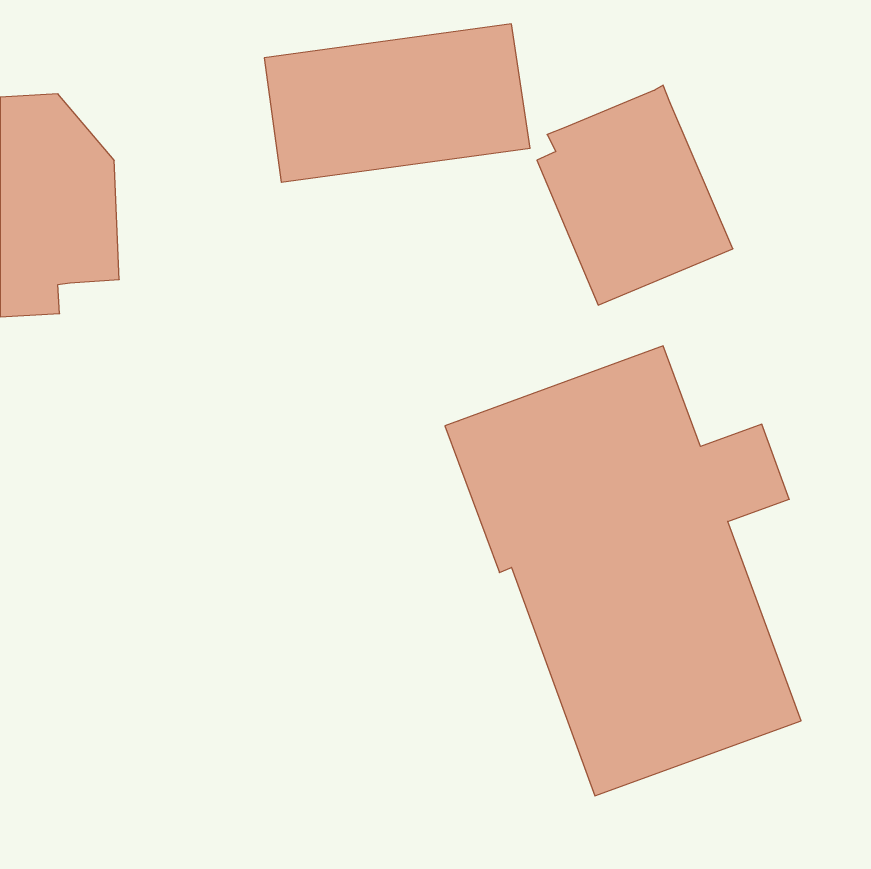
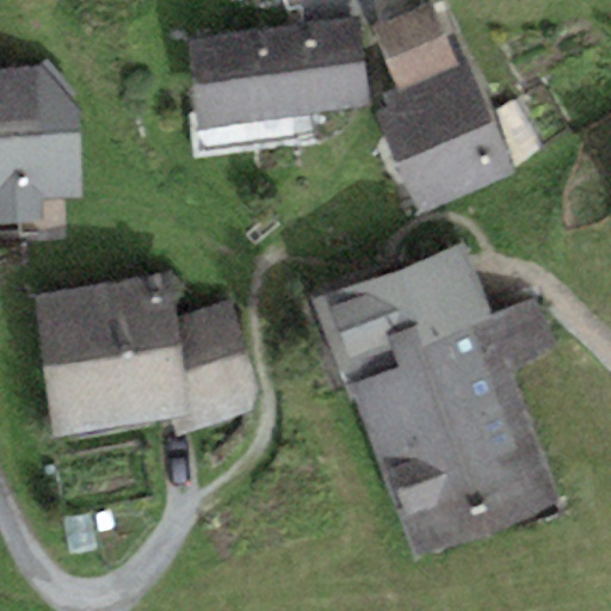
building: none -> [372,5,458,90]
building: none -> [33,273,258,437]

